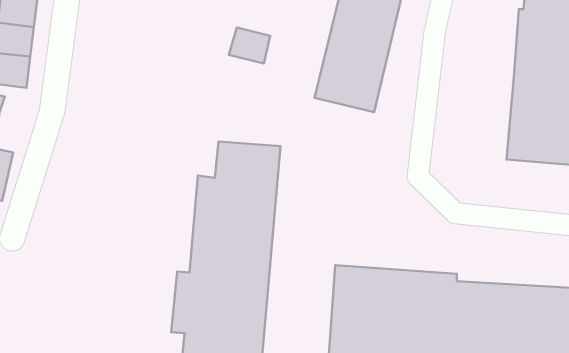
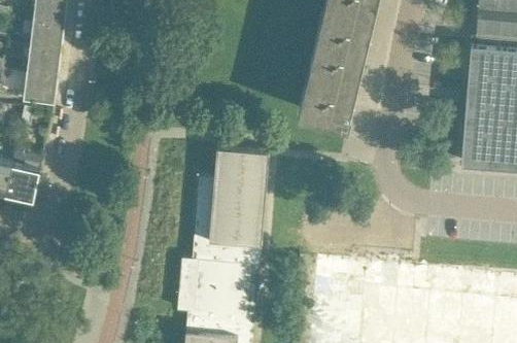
building: [229,28,270,64] -> none

